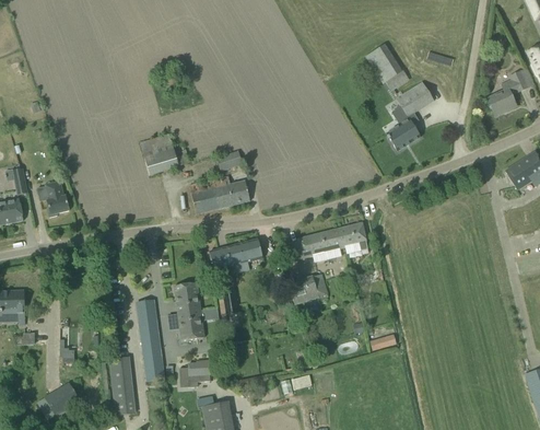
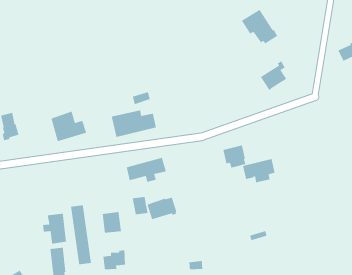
building: [396,81,433,116] -> none
building: [140,132,188,174] -> [51,111,87,142]
building: [296,229,340,262] -> [242,158,275,183]
building: [287,274,328,304] -> [147,197,177,220]
building: [174,282,200,313] -> none
building: none -> [42,213,67,244]

